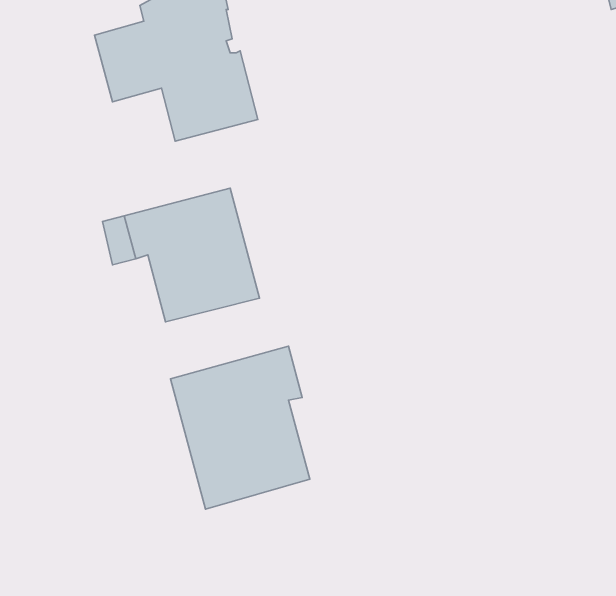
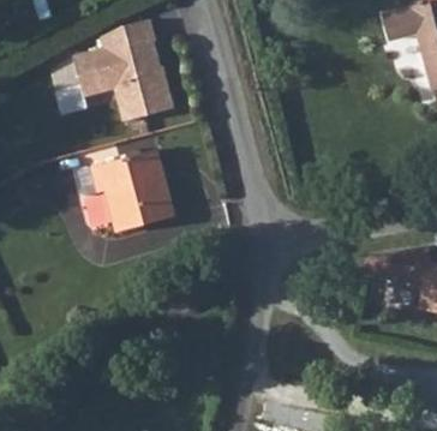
building: [171,346,310,509] -> none

